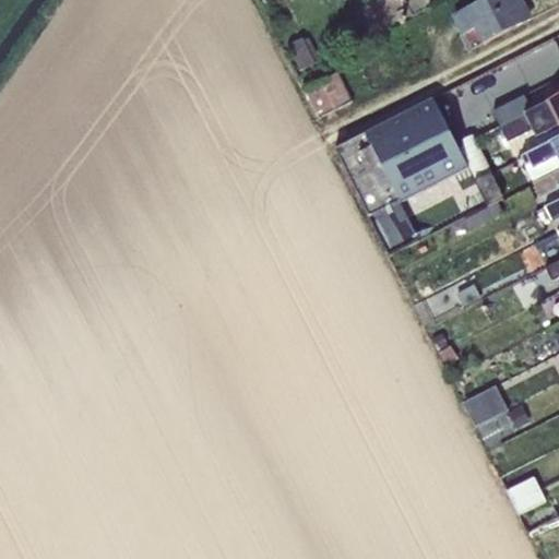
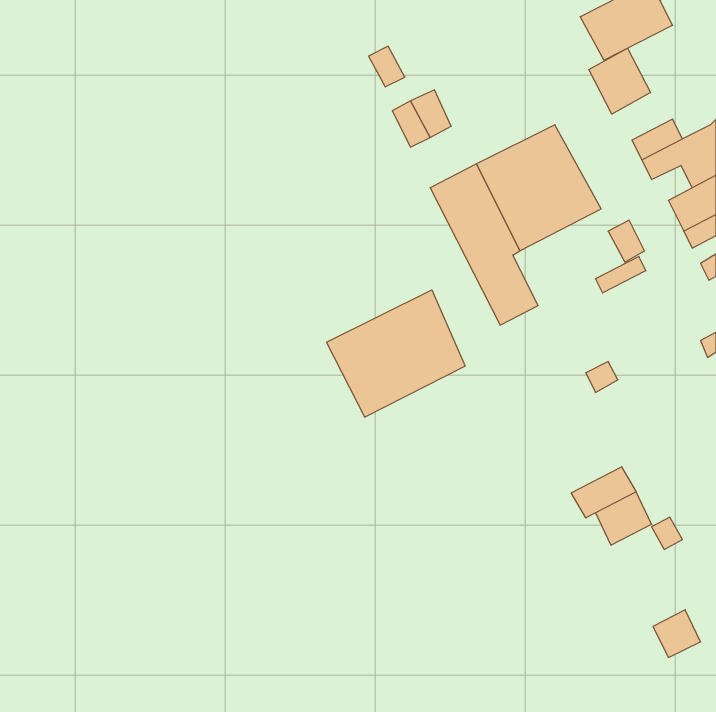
building: none -> [589,48,651,114]
building: none -> [327,290,465,417]
building: none -> [571,467,636,518]

